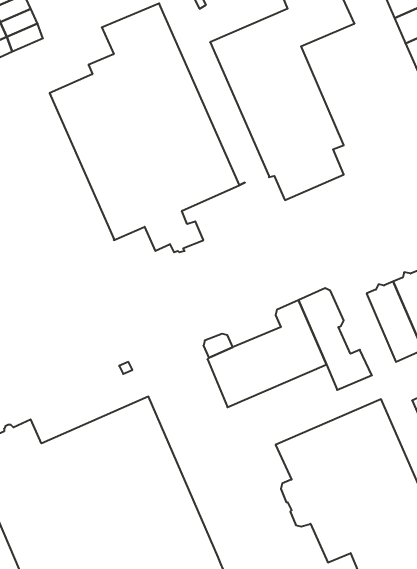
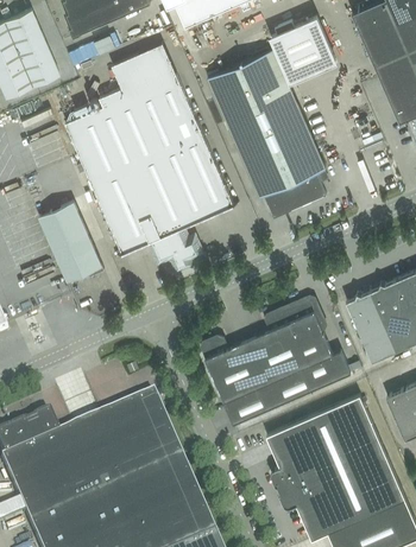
building: none -> [39,202,105,282]
building: none -> [223,364,321,425]

